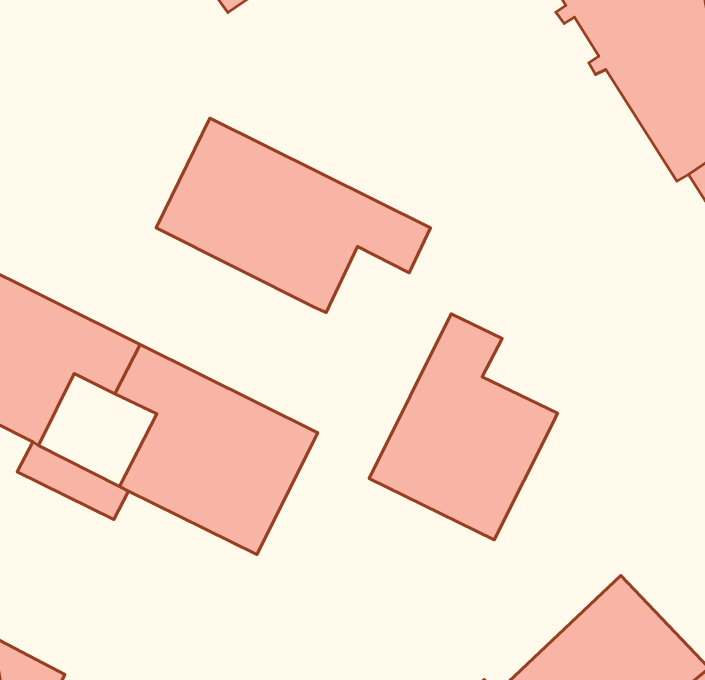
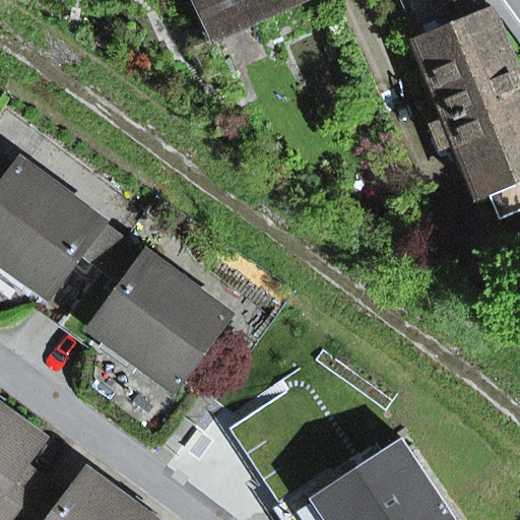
building: [156,118,431,313] -> none
building: [369,314,557,540] -> none

